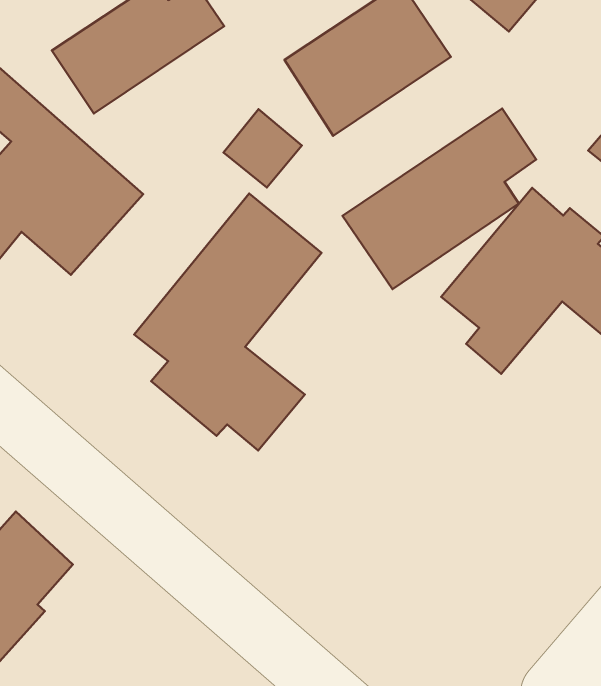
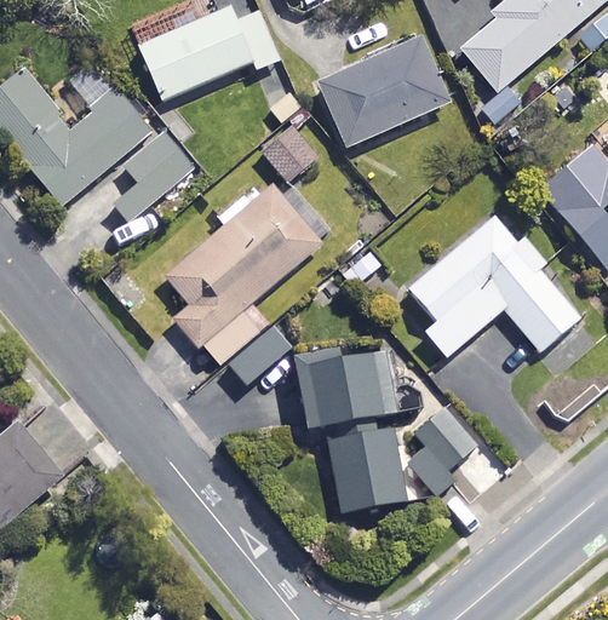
building: [342,109,536,289] -> none
building: none -> [299,357,405,513]
building: none -> [406,409,476,488]

